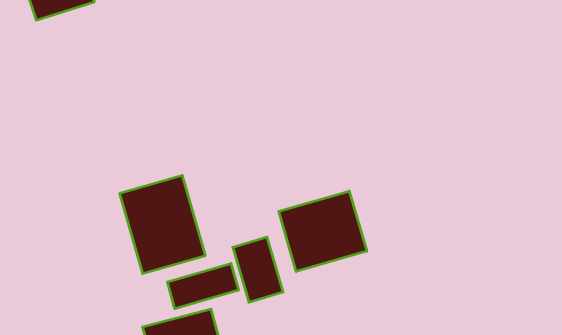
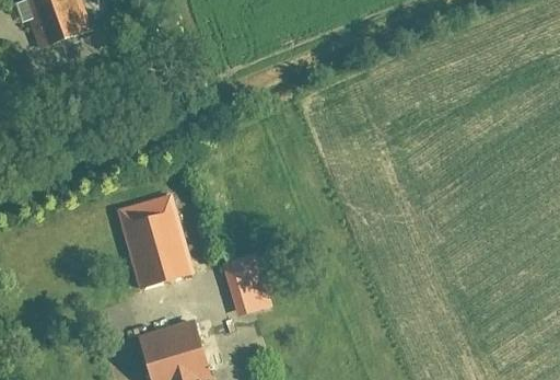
building: [279,191,367,272] -> none
building: [167,263,238,309] -> none

